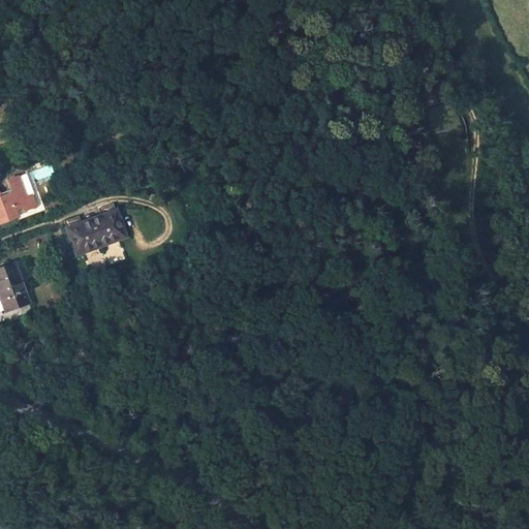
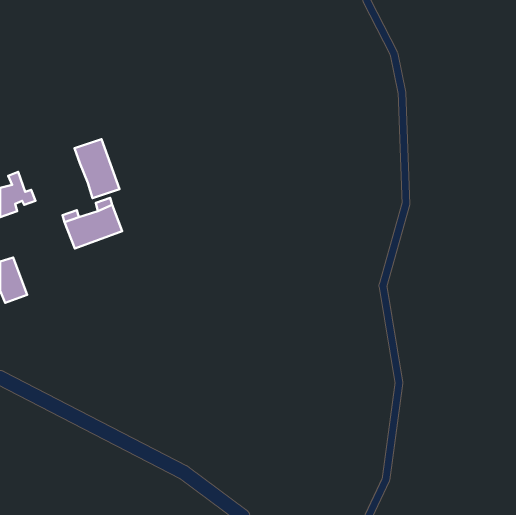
building: none -> [75,139,120,198]

